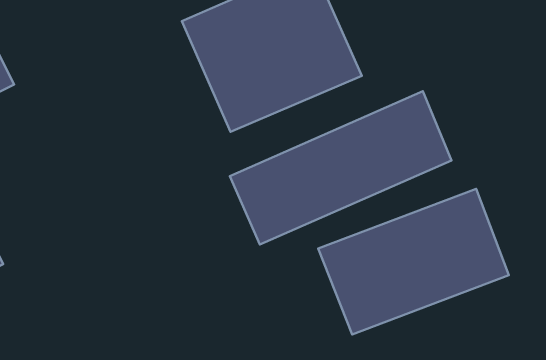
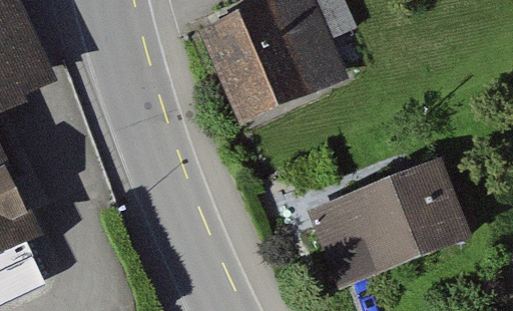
building: [230,91,452,245] -> none

